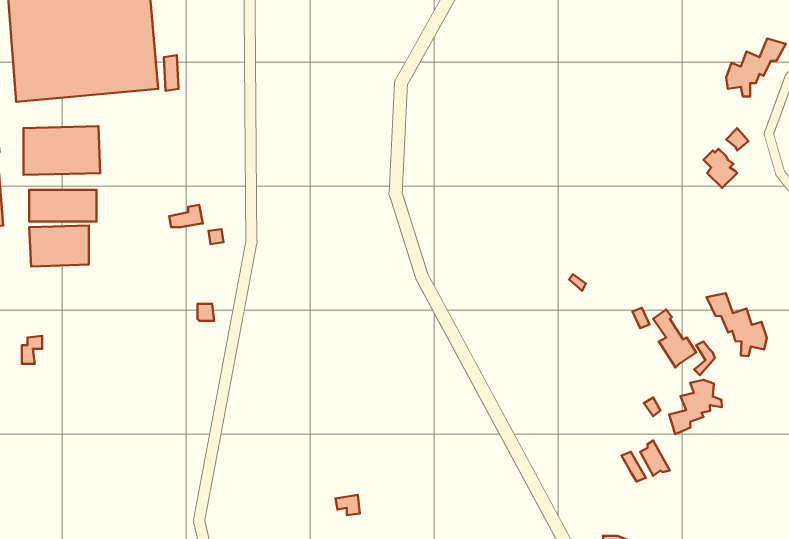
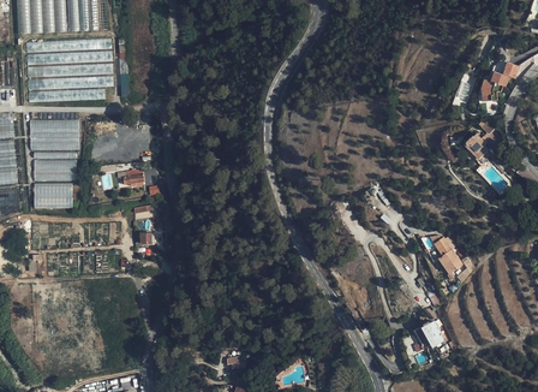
building: [706,293,767,356] -> none
building: [669,380,722,434] -> none

